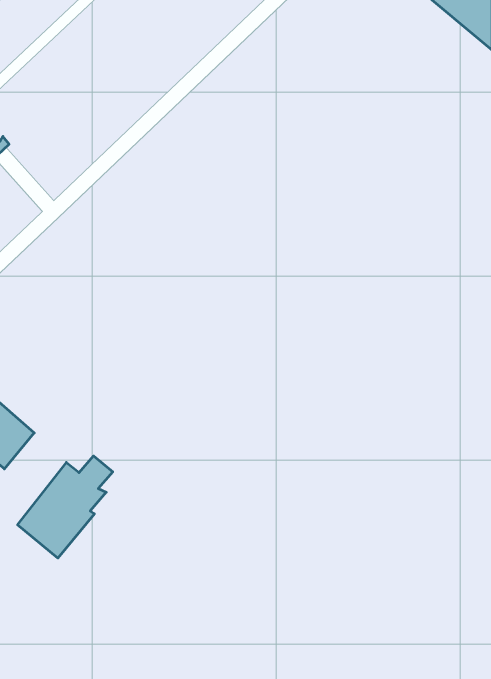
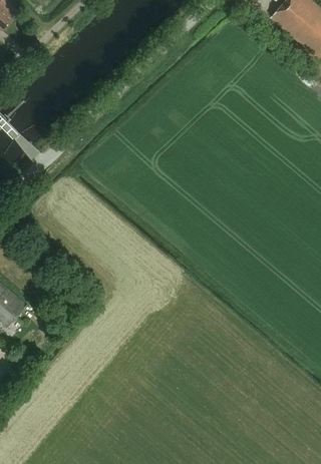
building: [18,456,113,558] -> none

